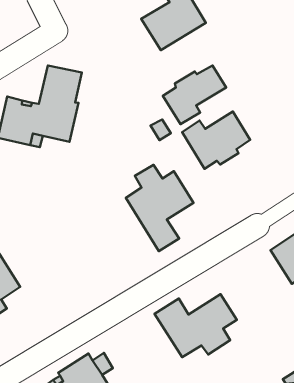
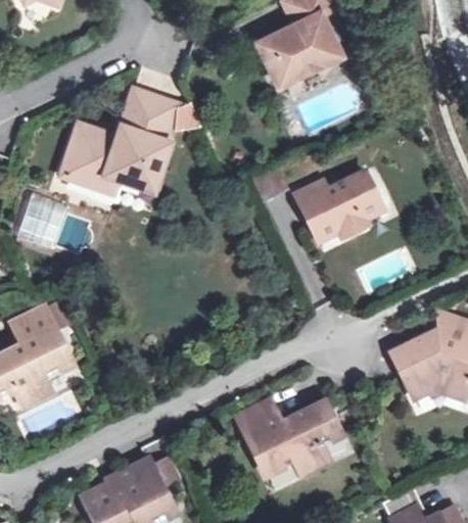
building: [163,65,226,124] -> none
building: [126,165,193,251] -> none

